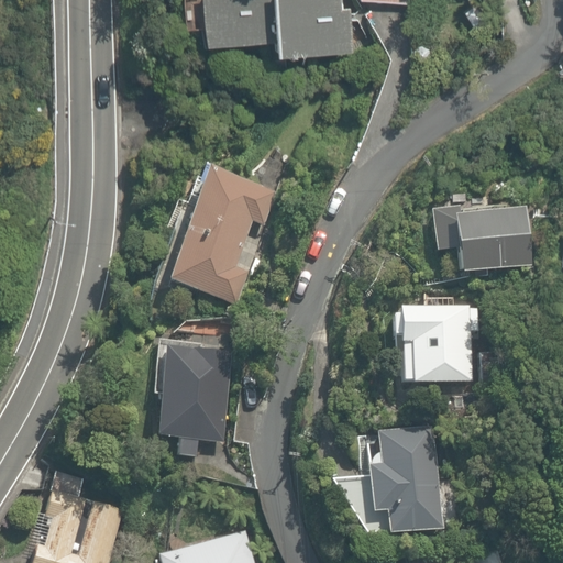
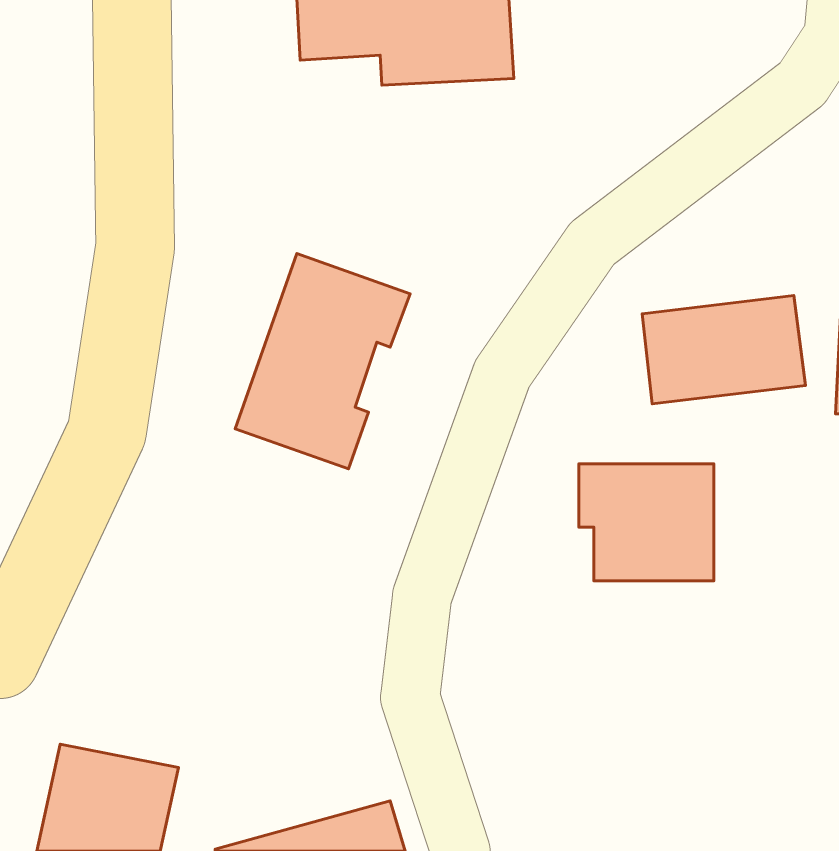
building: [157,319,242,460] -> none
building: [368,449,442,533] -> none

